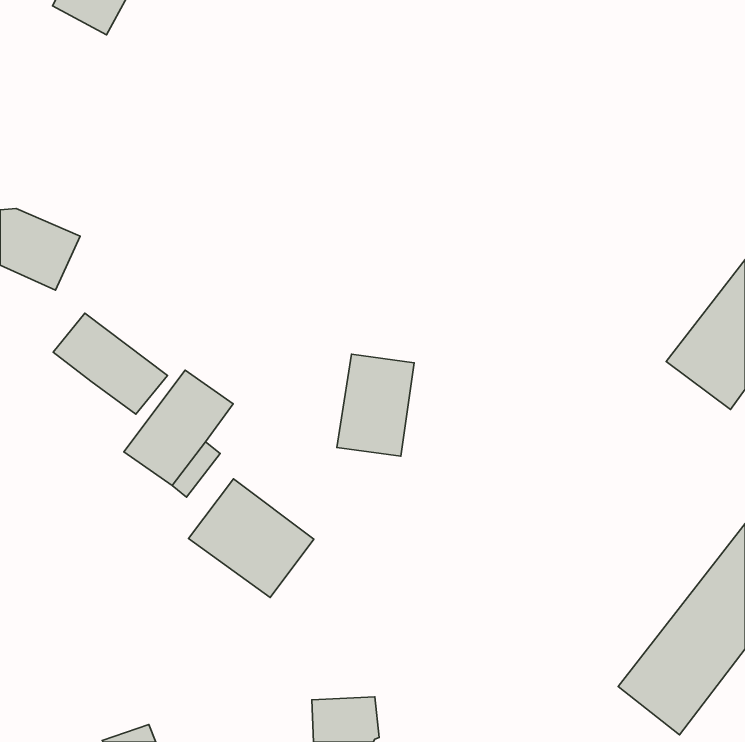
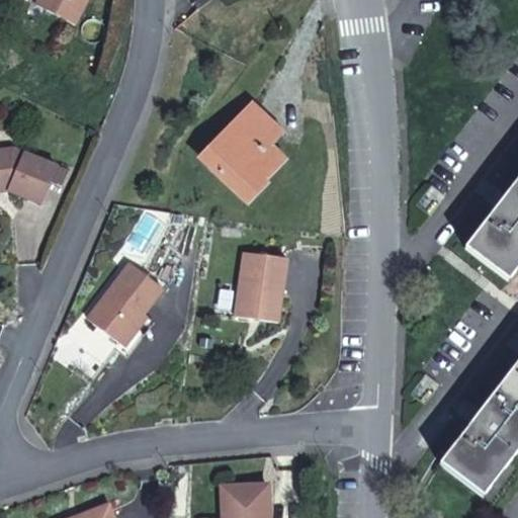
building: none -> [201,102,277,199]
building: [53,313,168,414] -> none
building: [189,479,314,598] -> none

